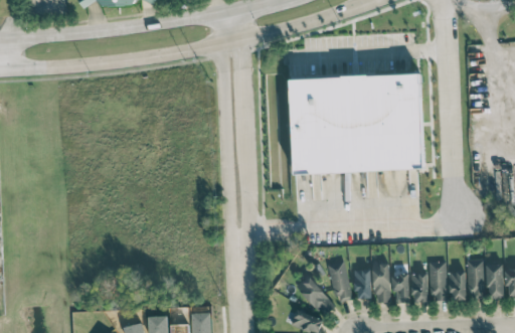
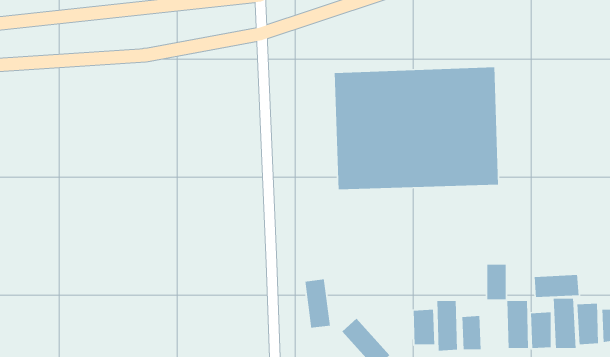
building: none -> [534,274,580,298]
building: [329,262,350,302] -> [304,279,331,329]
building: [411,273,427,302] -> [486,264,506,300]

